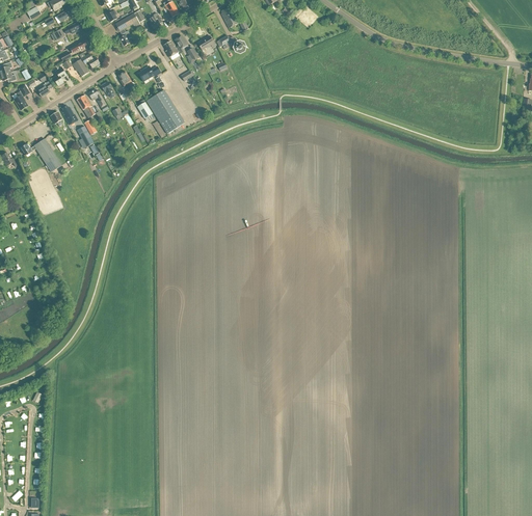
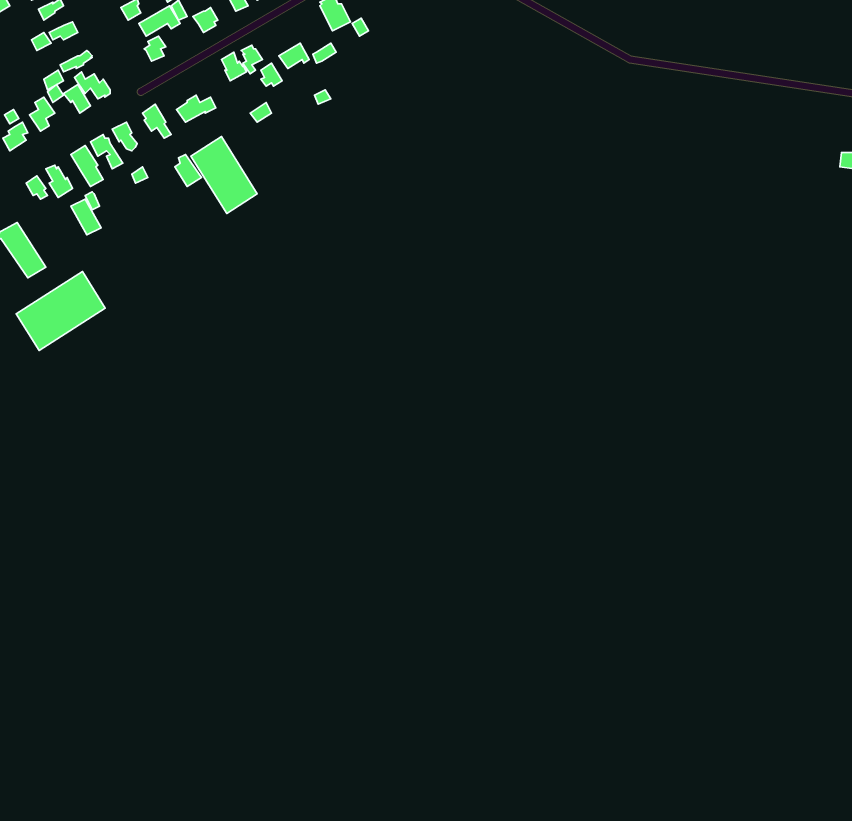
building: none -> [16,271,105,351]

